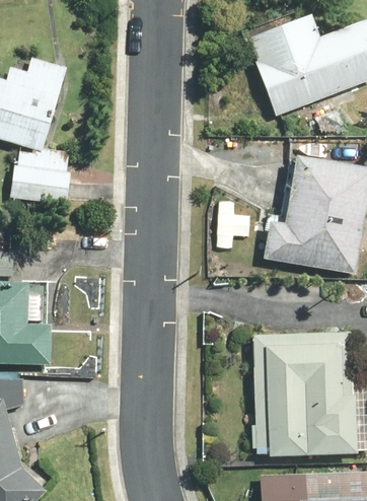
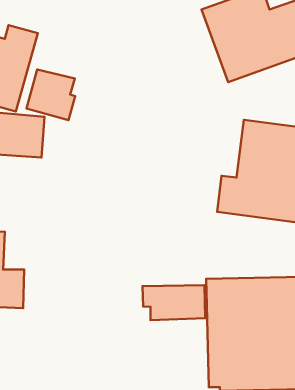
building: none -> [27,69,75,120]
building: none -> [143,285,205,320]

